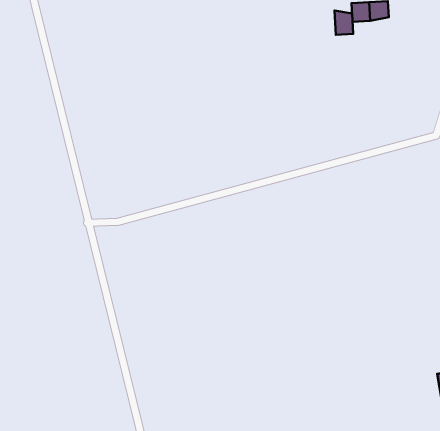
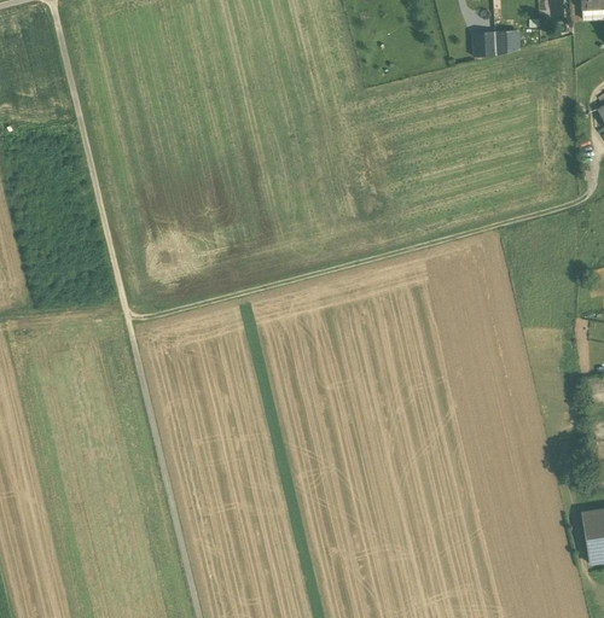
building: [335,11,353,35] -> none

